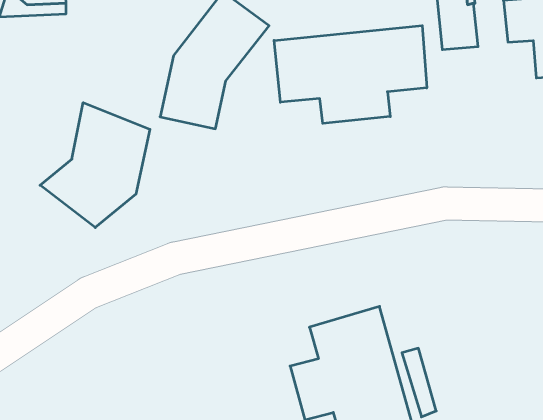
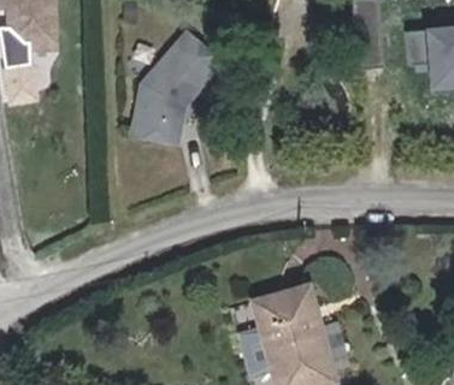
building: [274,26,427,123] -> none
building: [40,103,150,228] -> none

